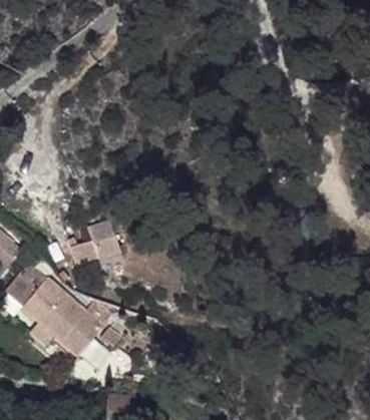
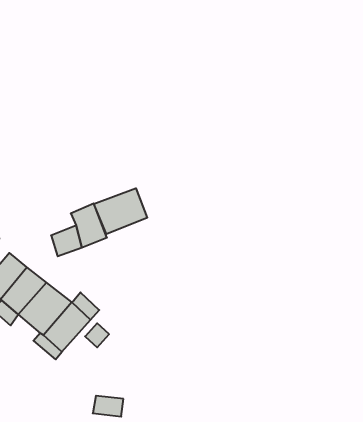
building: none -> [94,188,147,234]

